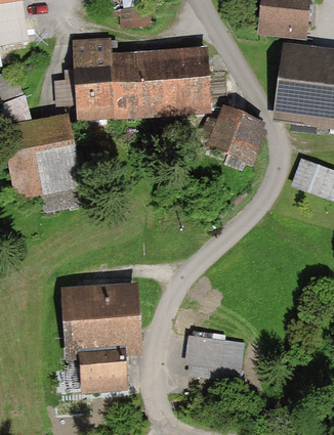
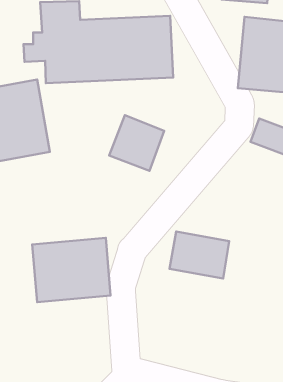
building: [205,105,262,164] -> [109,115,164,171]
building: [183,328,246,377] -> [169,232,229,278]
building: [79,353,128,391] -> none

